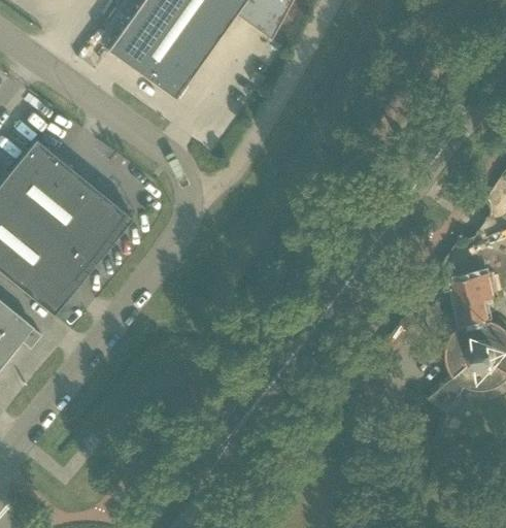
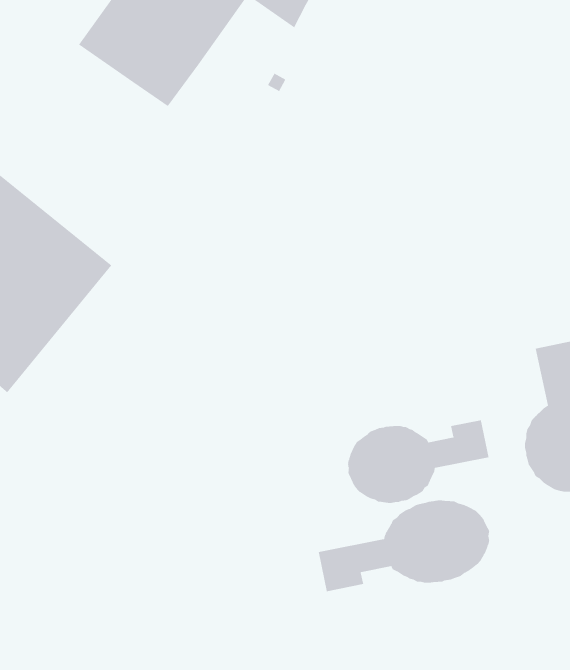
building: none -> [348,419,489,504]
building: none -> [318,500,490,592]

